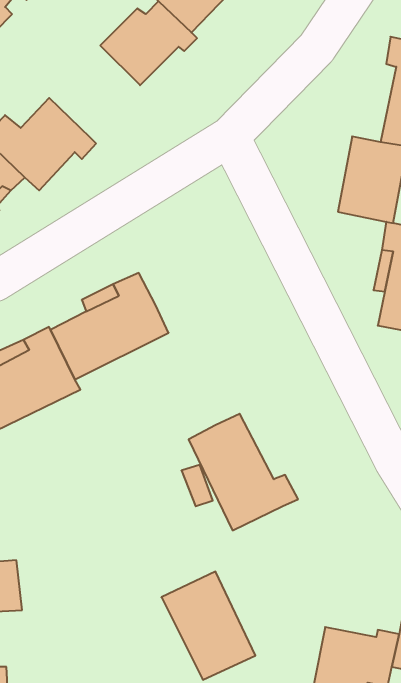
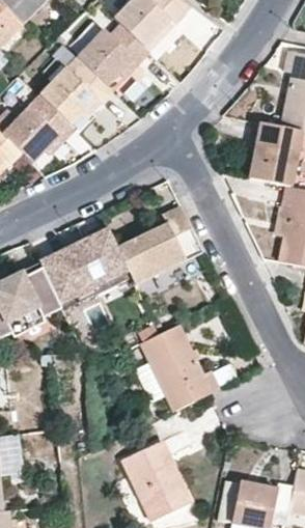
building: none -> [38,57,110,124]
building: none -> [116,206,203,285]

